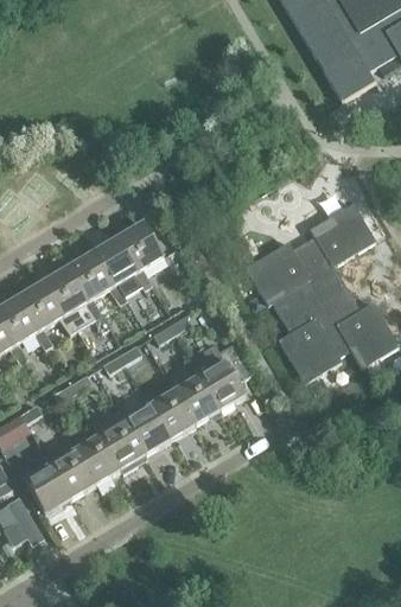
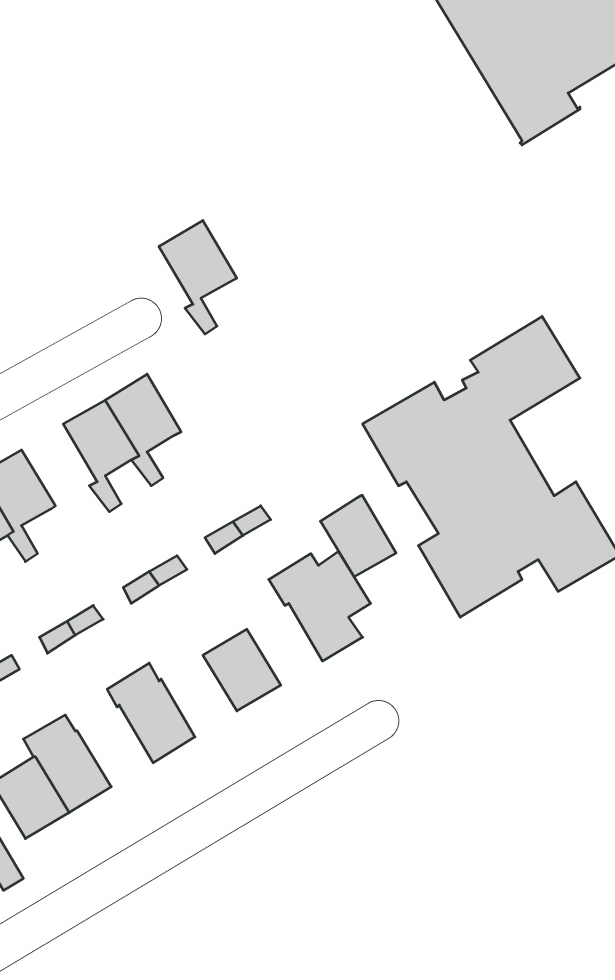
building: [117,222,164,289] -> [159,220,237,334]
building: [43,267,95,333] -> none
building: [177,373,222,422] -> [320,495,396,577]
building: [126,404,171,453] -> none
building: [76,434,121,483] -> none

